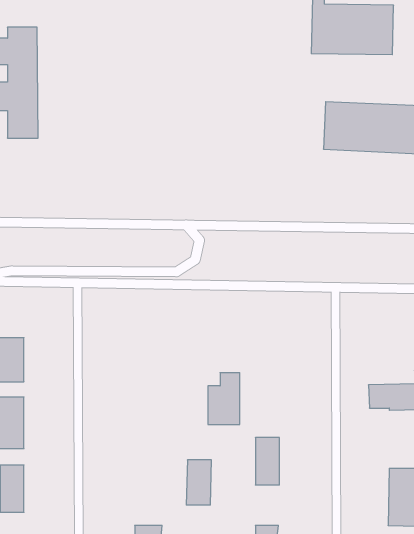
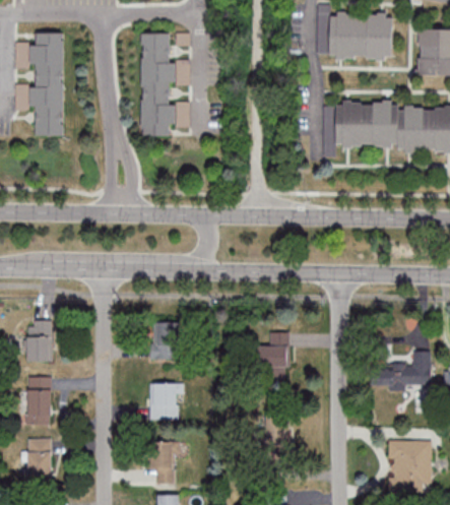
building: none -> [141,35,190,137]
building: none -> [150,323,176,359]
building: [208,373,240,424] -> [259,332,288,380]
building: none -> [151,383,182,419]
building: [186,460,211,505] -> [152,442,176,484]

